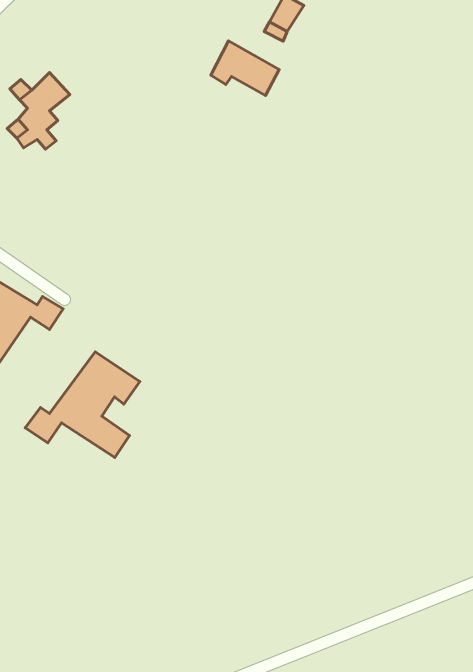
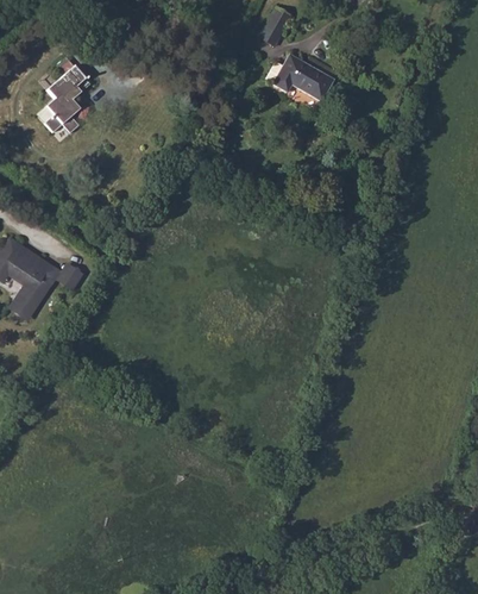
building: [211,41,279,96] -> [273,50,333,98]
building: [25,352,140,458] -> none

